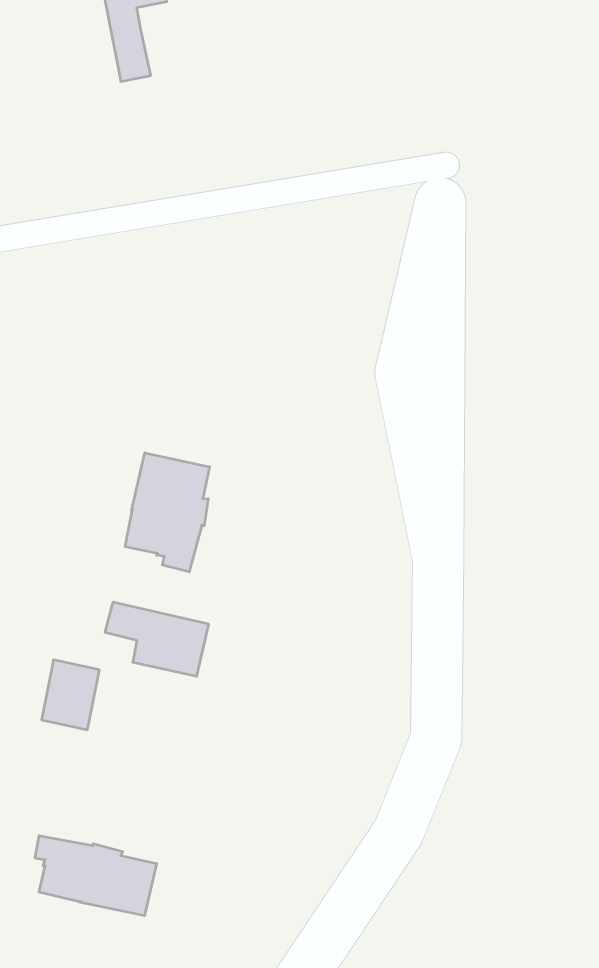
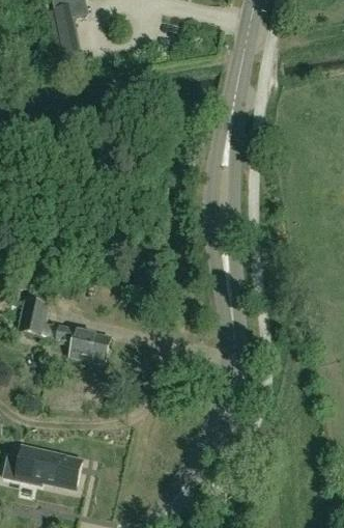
building: [125,453,210,572] -> none
building: [42,660,99,730] -> [18,300,48,336]

